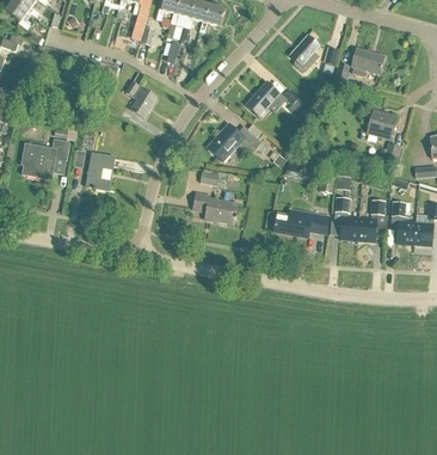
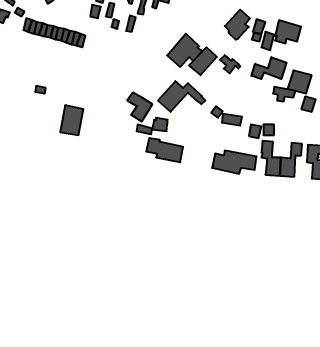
building: none -> [167,34,202,67]
building: [125,81,156,117] -> [127,93,152,122]
building: none -> [251,57,287,79]
building: [21,137,69,179] -> none

